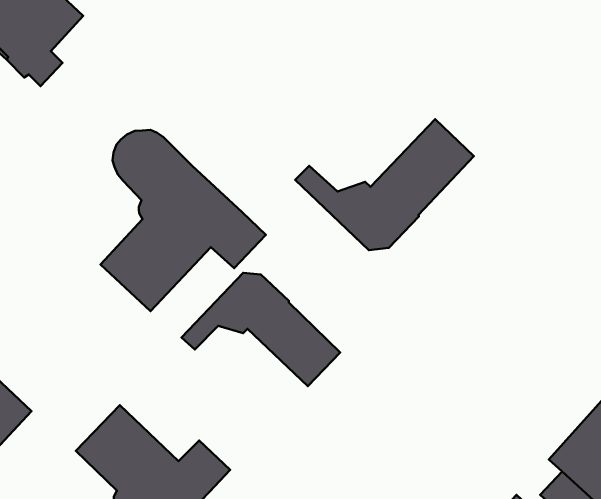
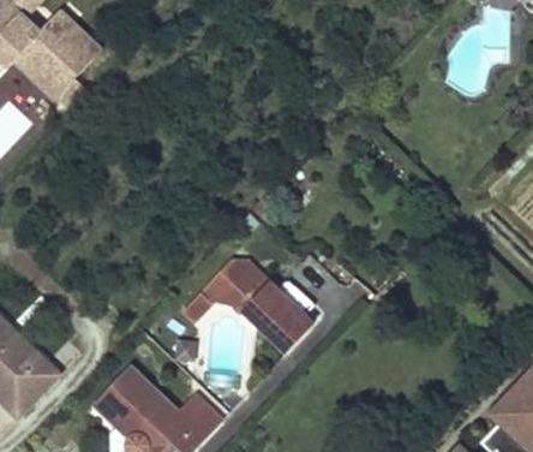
building: [295,119,474,250] -> none
building: [100,130,266,311] -> none

